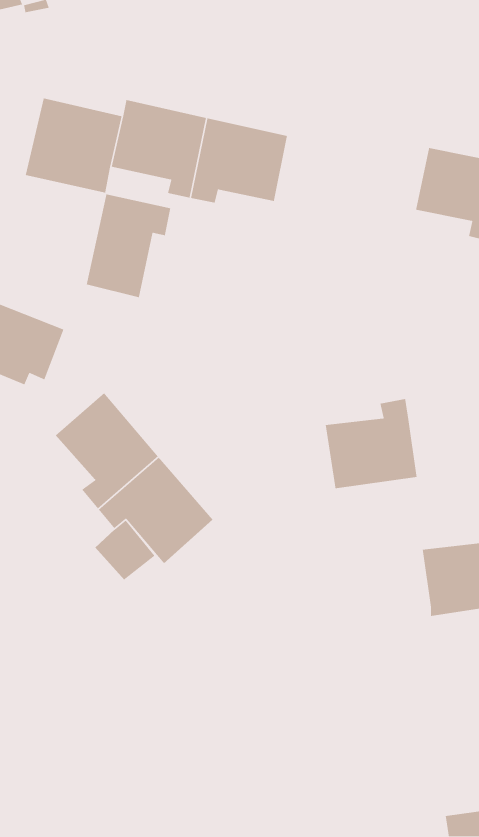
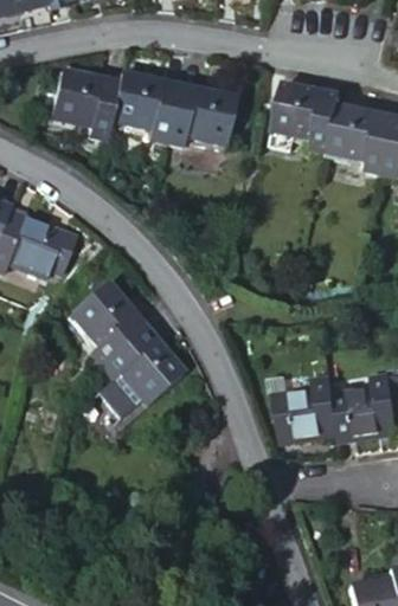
building: none -> [271,83,340,150]
building: [86,194,171,298] -> none
building: [325,398,417,489] -> [272,378,339,443]

